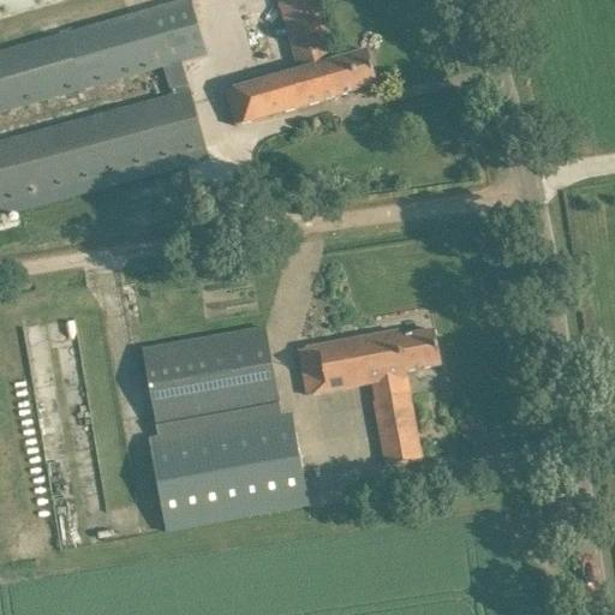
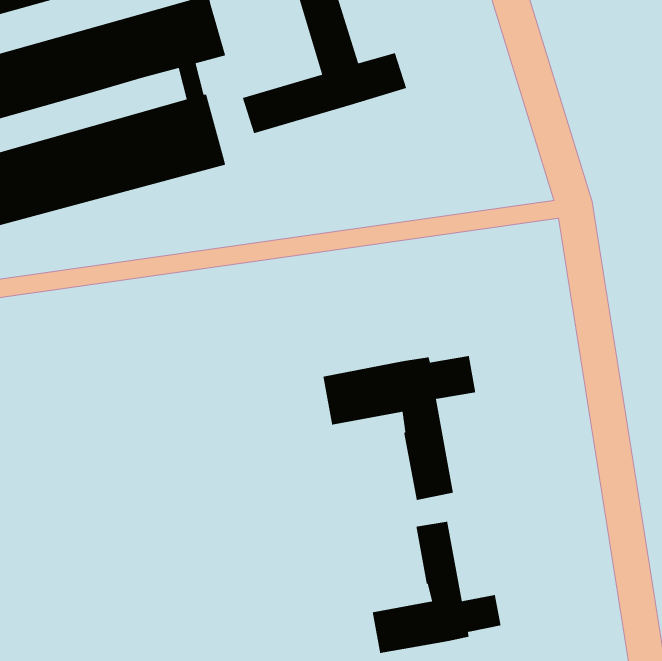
building: [141,326,308,529] -> none
building: none -> [372,521,502,654]

